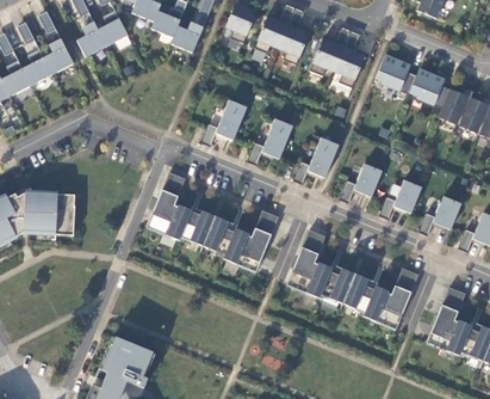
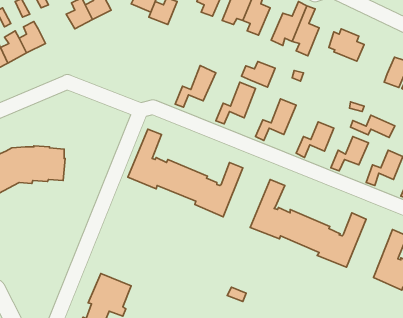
building: [44,37,74,73] -> none
building: [409,69,451,108] -> none
building: none -> [242,61,275,87]
building: none -> [351,115,395,137]

